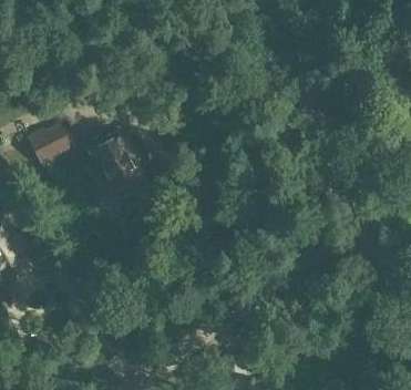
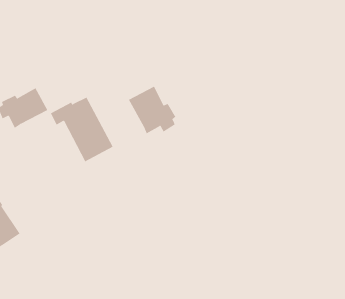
building: none -> [128,86,176,134]

